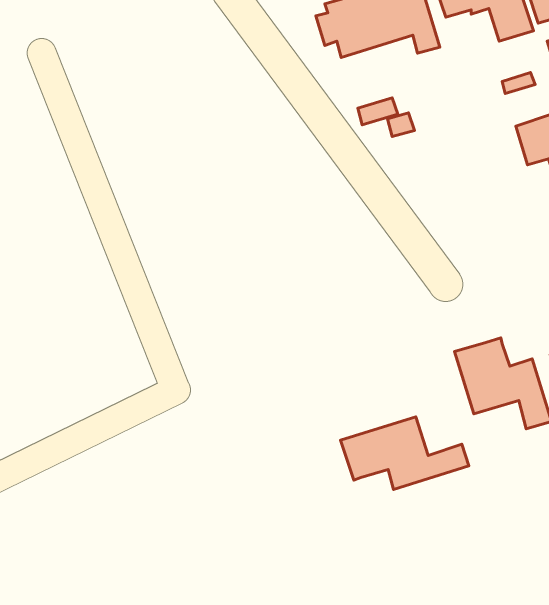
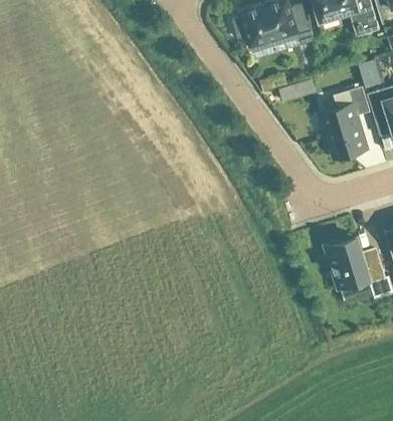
building: none -> [322,89,368,159]
building: [340,417,469,489] -> none

